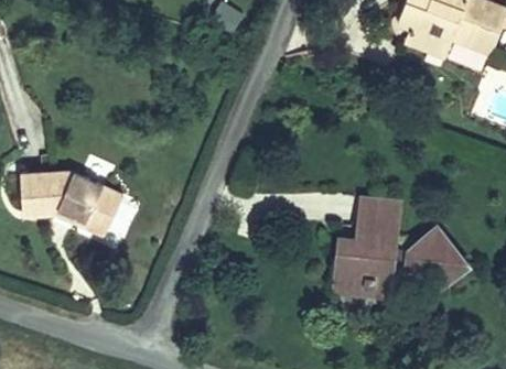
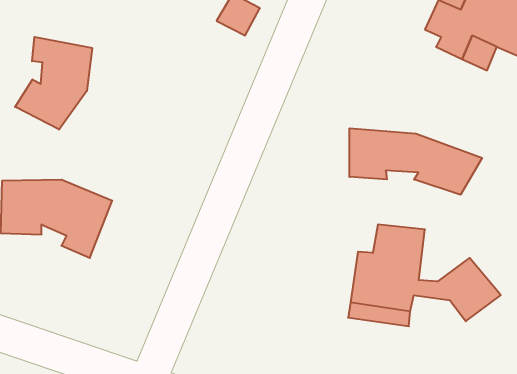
building: none -> [15,37,92,130]
building: none -> [349,128,482,195]

